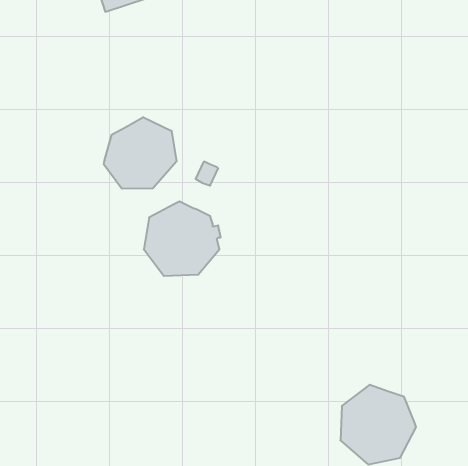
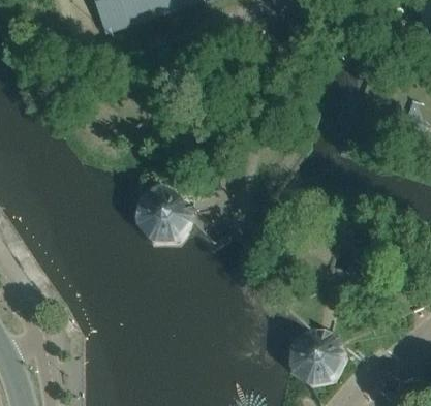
building: [104,117,176,189] -> none

